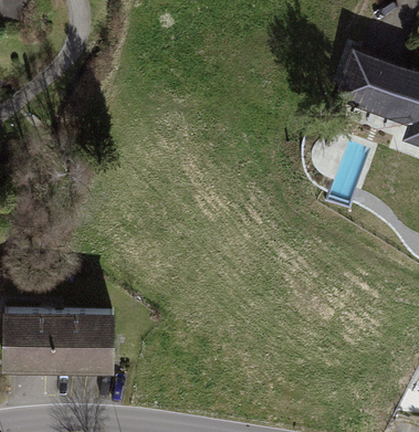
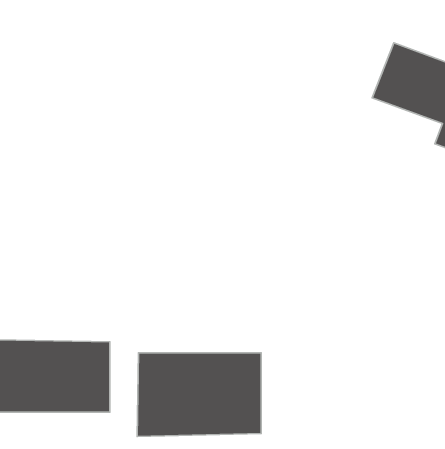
building: none -> [137,353,261,437]

